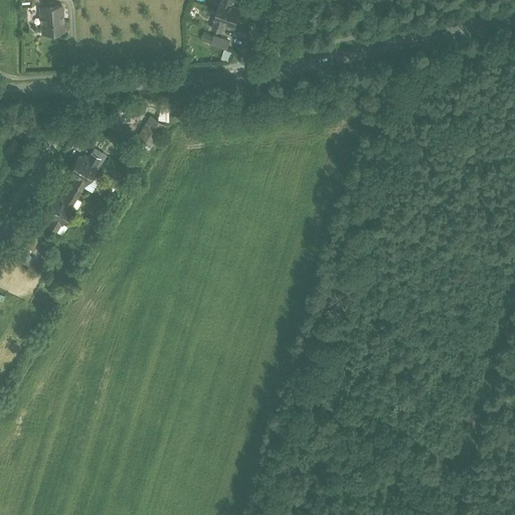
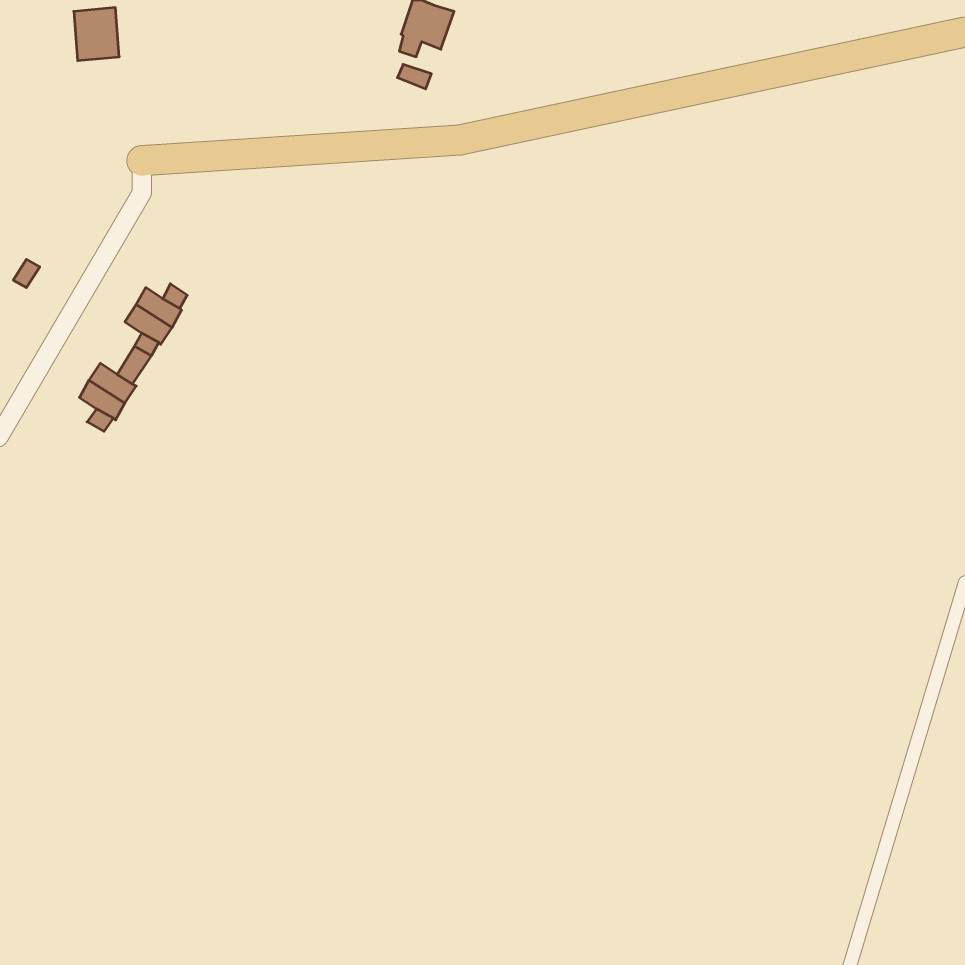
building: [138,116,164,145] -> none

